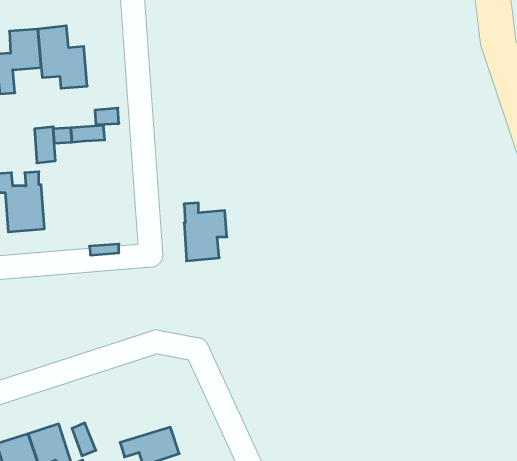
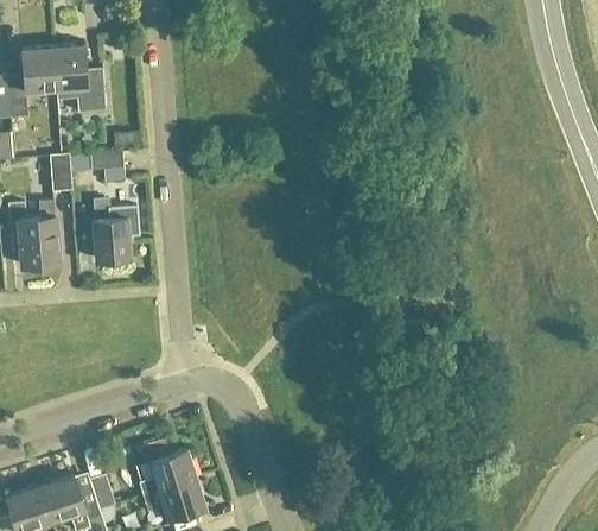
building: [184,203,227,261] -> [93,198,139,261]
building: none -> [138,438,196,495]

